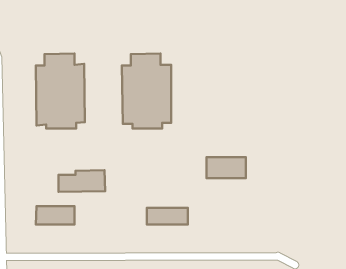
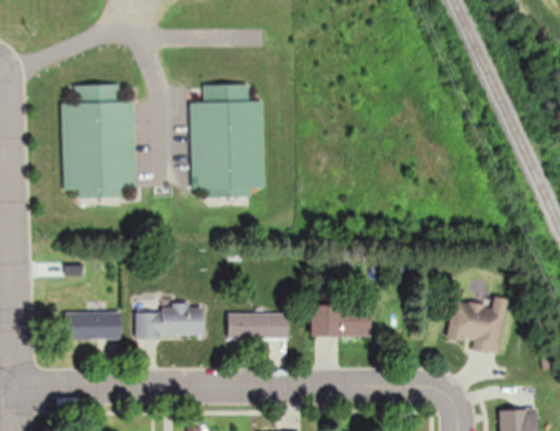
building: [206,157,246,178] -> [312,305,371,336]
building: [59,170,105,192] -> [136,304,205,336]
building: none -> [446,297,510,354]

